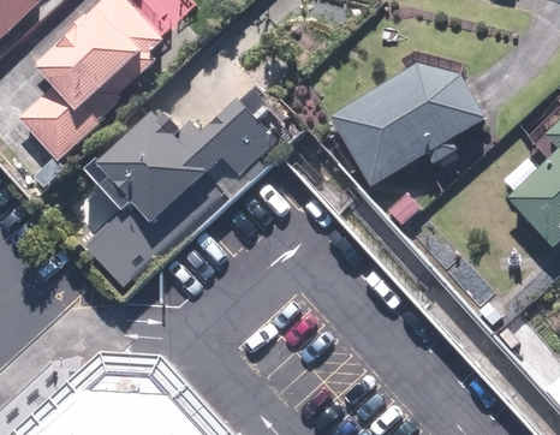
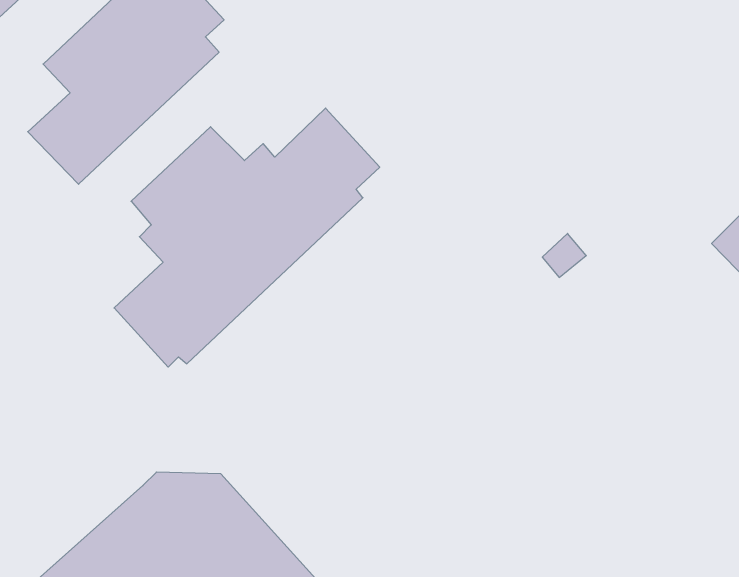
building: [329,65,481,180] -> none

